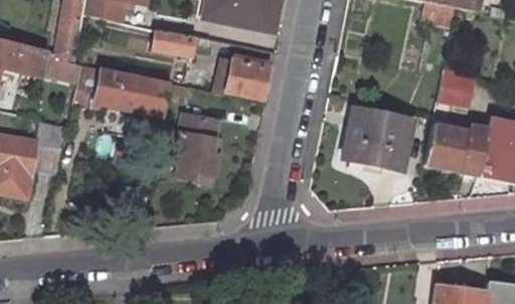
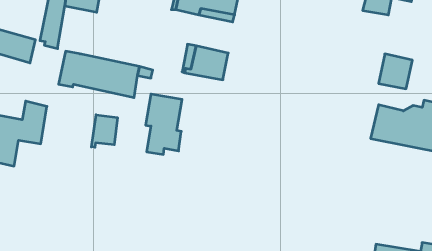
building: [151,28,195,57] -> none
building: [340,104,407,169] -> none
building: none -> [91,115,117,147]

